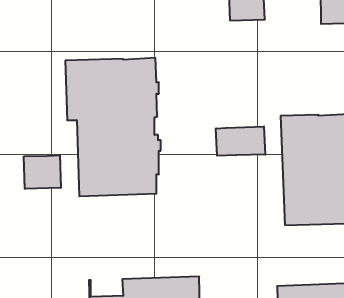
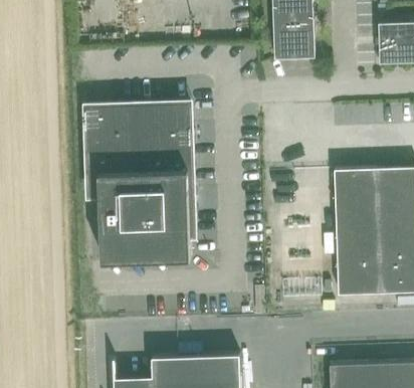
building: [216,126,265,156] -> none
building: [24,155,61,189] -> none

